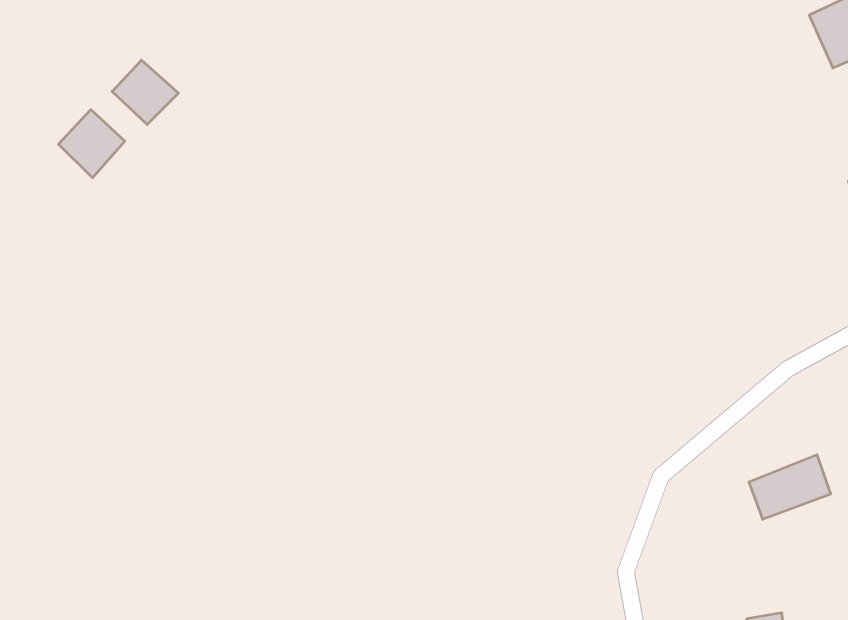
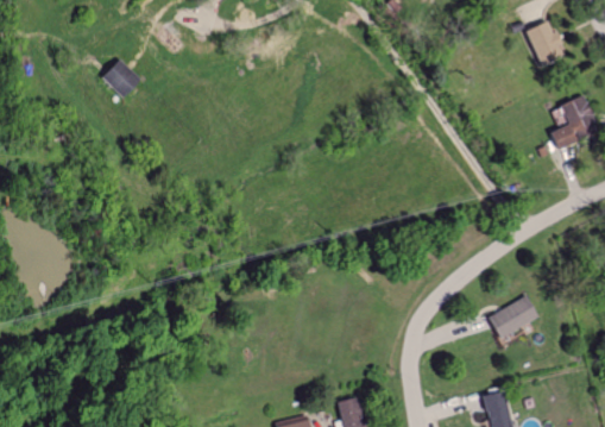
building: [58,110,125,178] -> none

